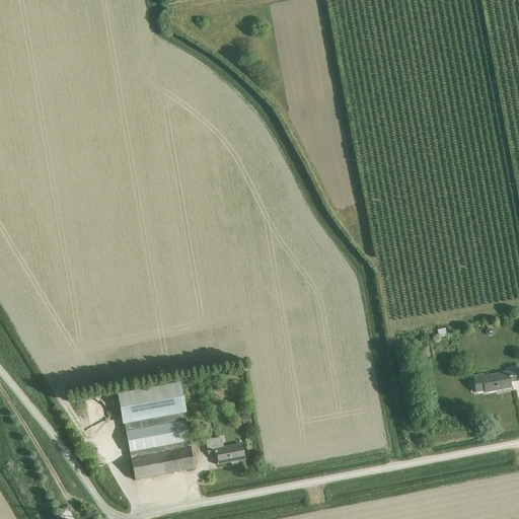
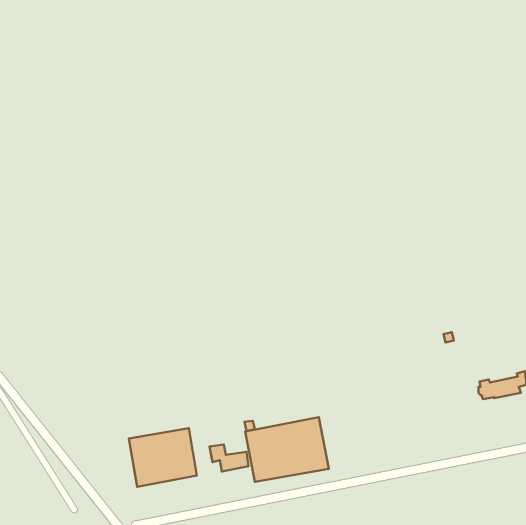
building: [119,382,184,423] -> none
building: none -> [245,417,329,482]

